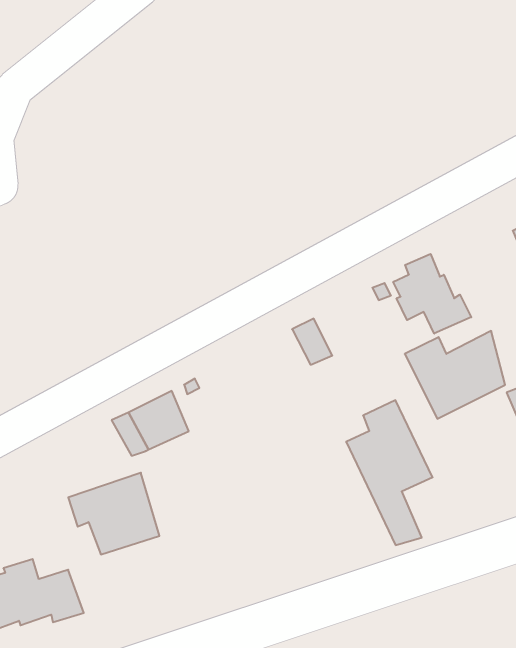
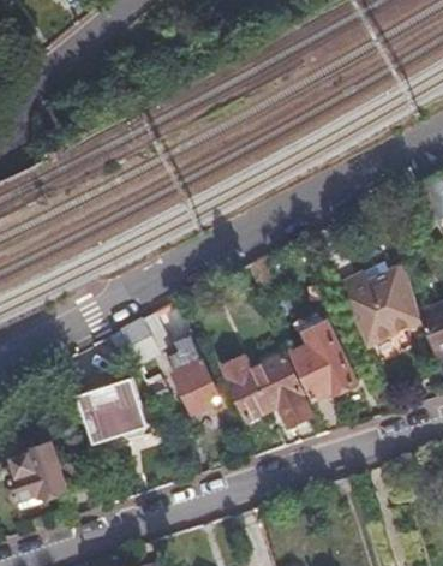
building: [393,254,471,334] -> none
building: none -> [170,336,217,411]
building: none -> [221,355,309,425]

